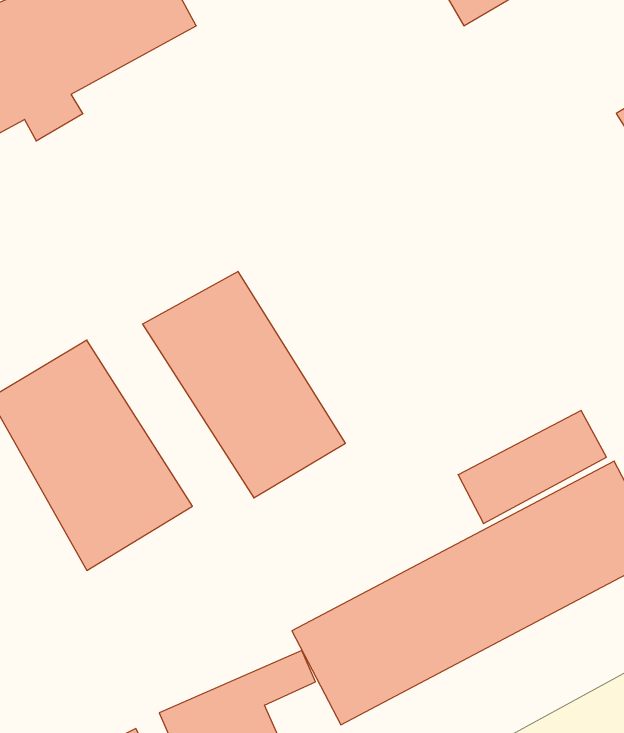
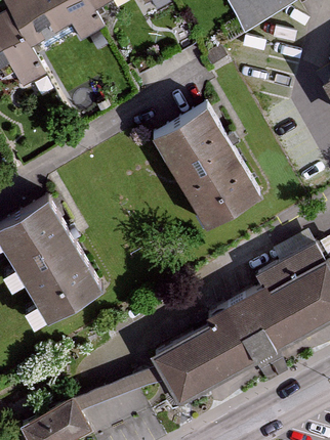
building: [142,271,345,498] -> [154,103,260,222]

